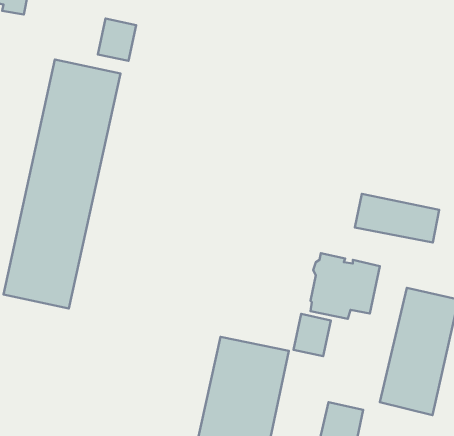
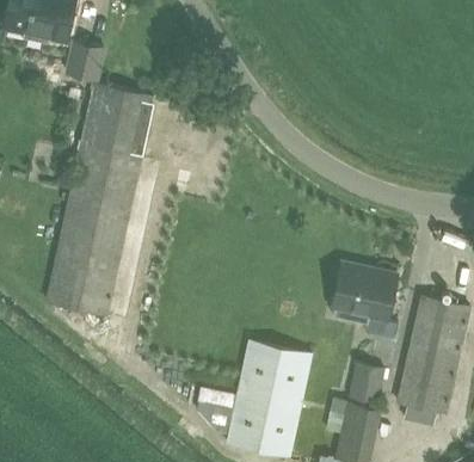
building: [98,19,136,61] -> [66,43,101,82]
building: [355,194,439,243] -> none
building: [293,314,331,356] -> [350,364,384,404]

